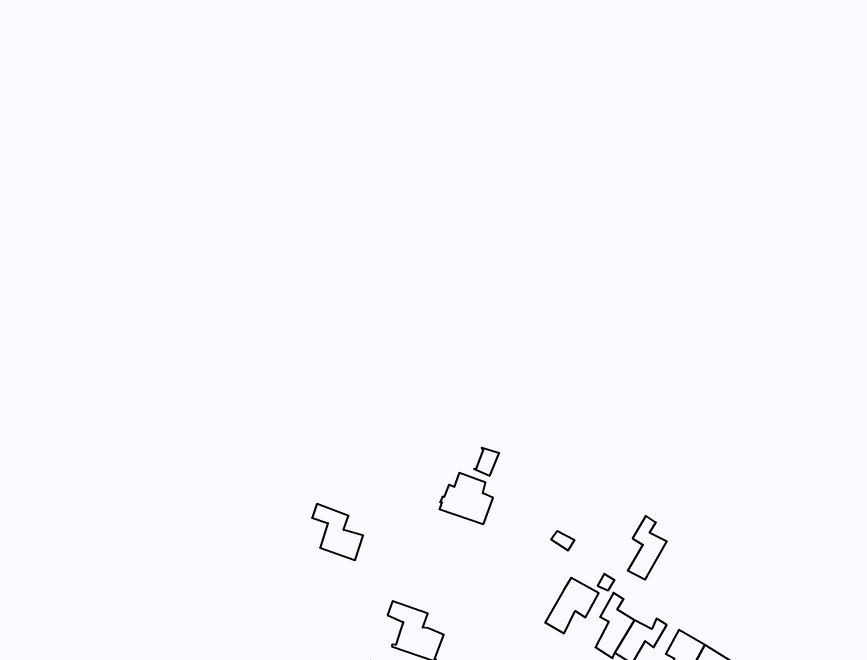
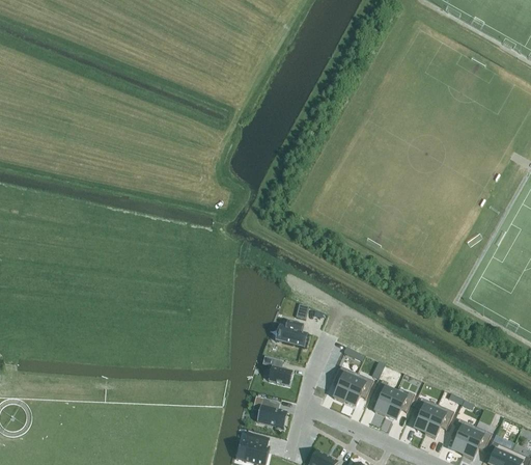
building: [312,504,363,560] -> [262,355,292,385]
building: [628,516,667,580] -> [333,365,354,402]

